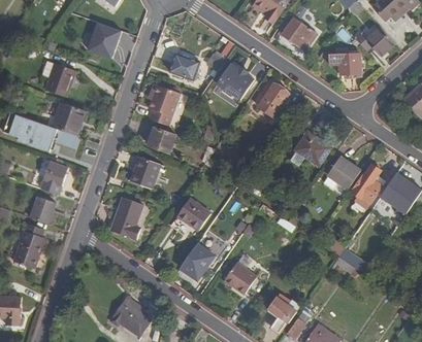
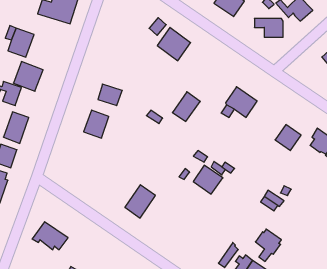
building: [169,55,198,80] -> none
building: [257,82,289,116] -> [172,92,200,121]
building: [149,83,180,126] -> none
building: [327,158,359,189] -> none
building: [110,198,141,240] -> none
building: [176,198,209,231] -> none
building: [224,263,258,296] -> [193,165,223,194]
building: [267,294,297,331] -> [255,229,281,261]
building: [109,301,151,333] -> [32,222,68,250]

